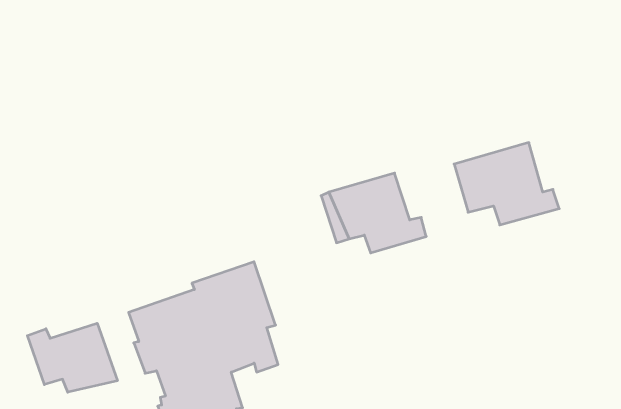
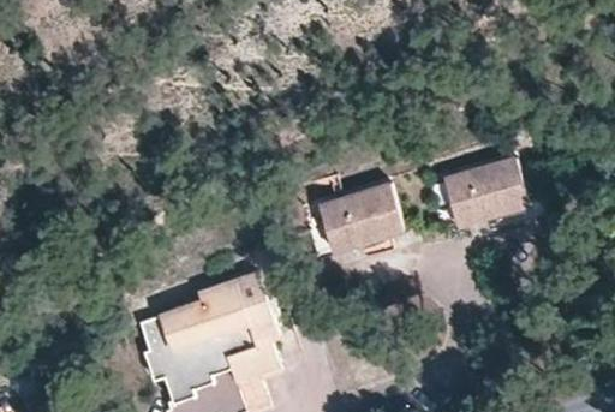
building: [27,323,117,392] -> none

